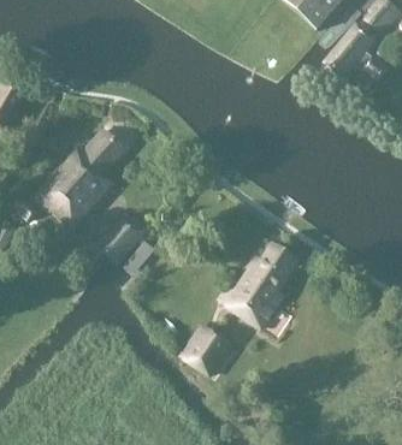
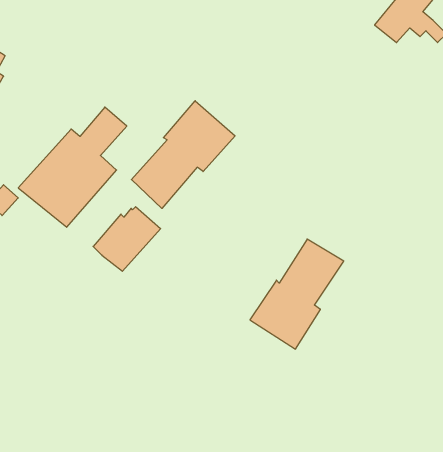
building: none -> [131,101,235,208]
building: [184,324,233,375] -> none

